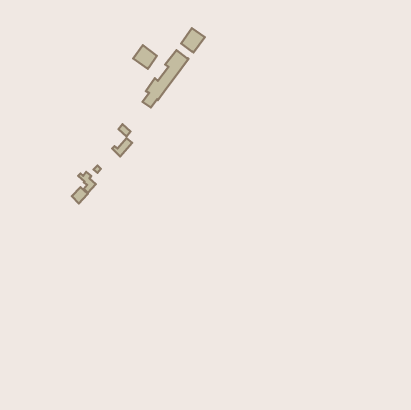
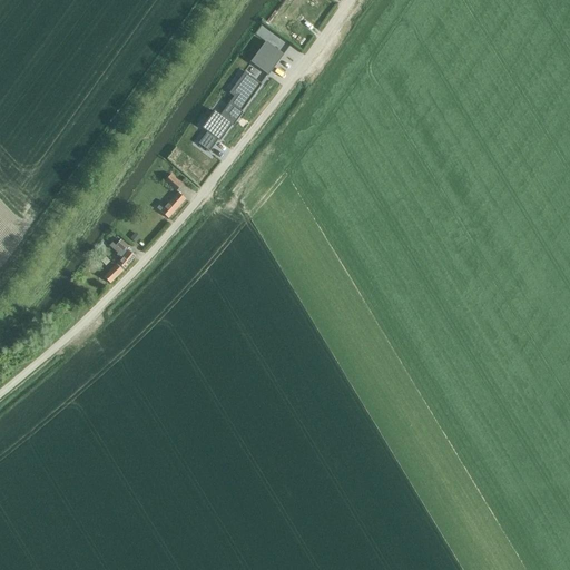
building: [133,45,157,69] -> none

